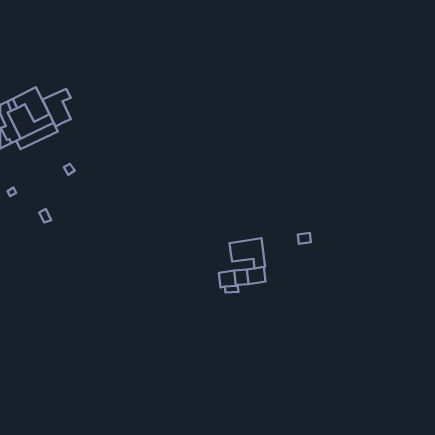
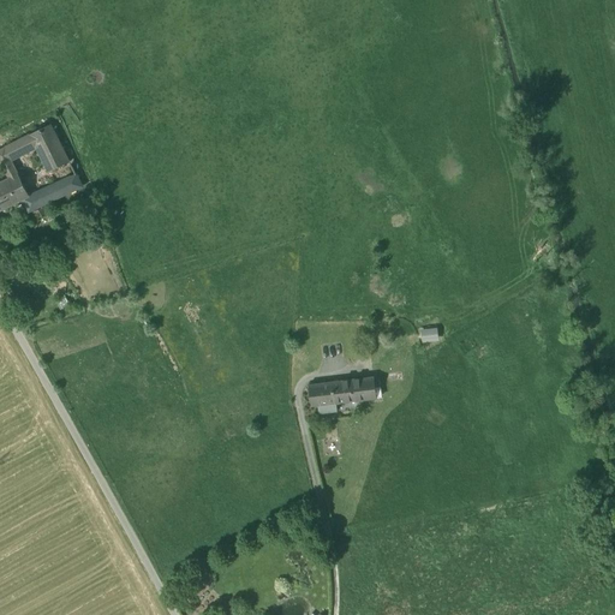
building: [43,89,71,126] -> none
building: [229,238,265,268] -> none

